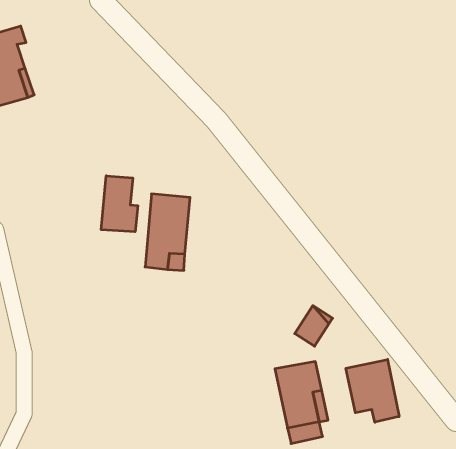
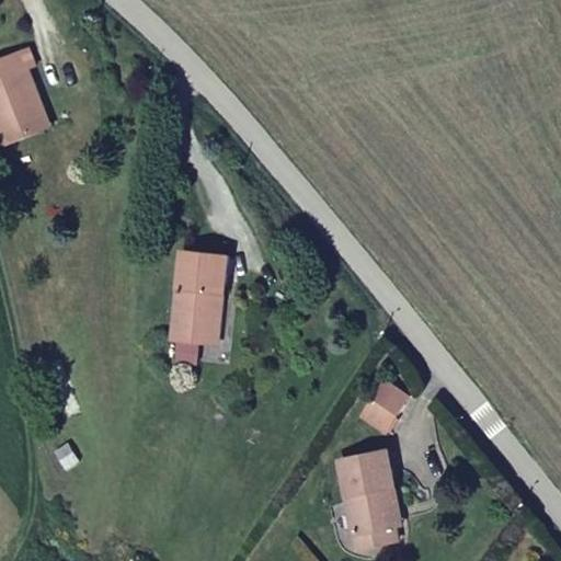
building: [101,176,138,232] -> none
building: [346,359,399,422] -> none

